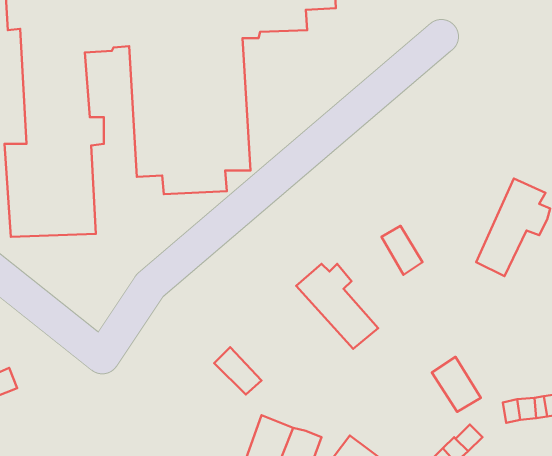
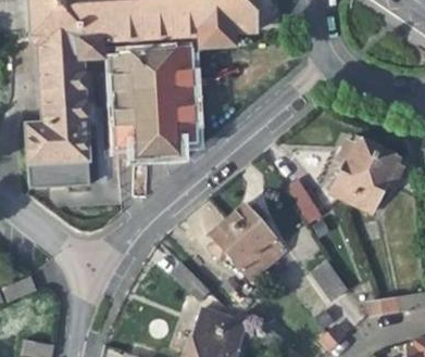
building: none -> [330,137,378,204]
building: none -> [210,220,267,280]

